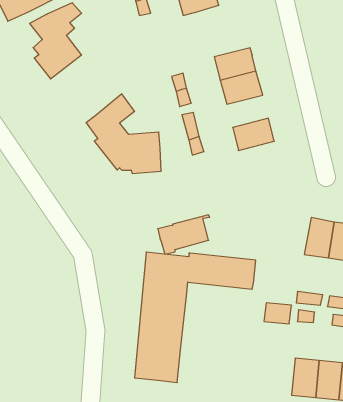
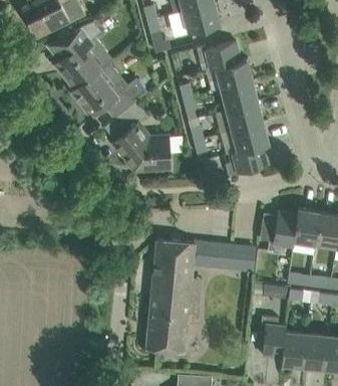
building: none -> [197,42,248,70]
building: none -> [70,67,147,120]
building: none -> [227,103,263,131]
building: [158,215,210,254] -> [224,143,269,177]
building: none -> [267,209,300,252]
building: none -> [261,316,286,364]

